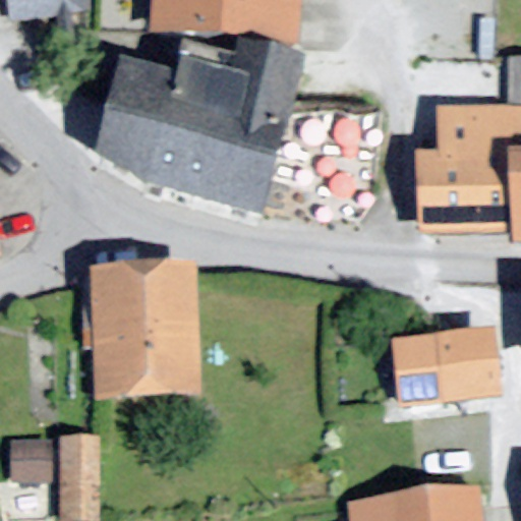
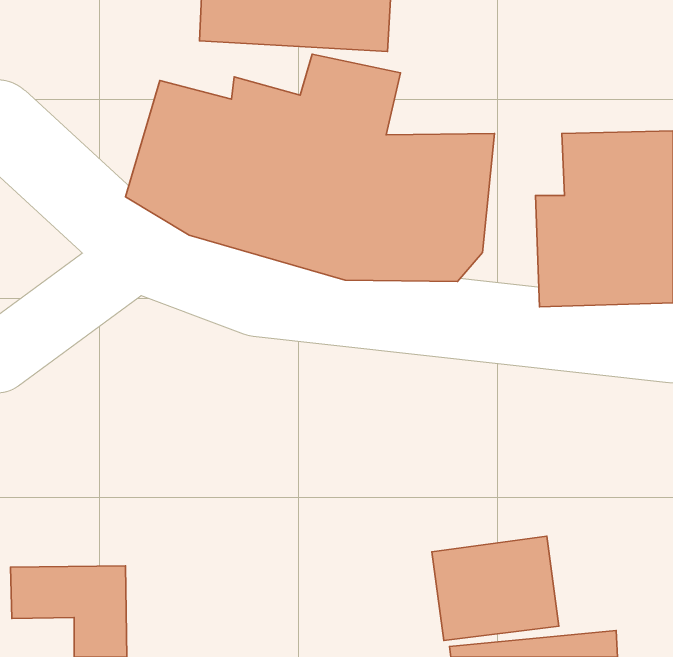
building: [91,266,199,396] -> none
building: [402,326,500,406] -> [432,536,559,641]

